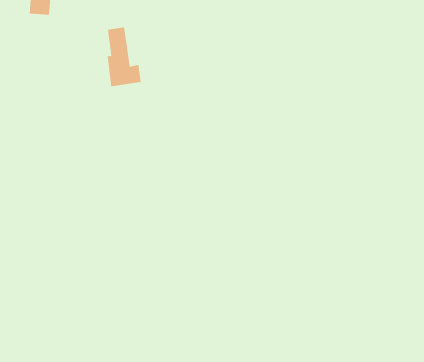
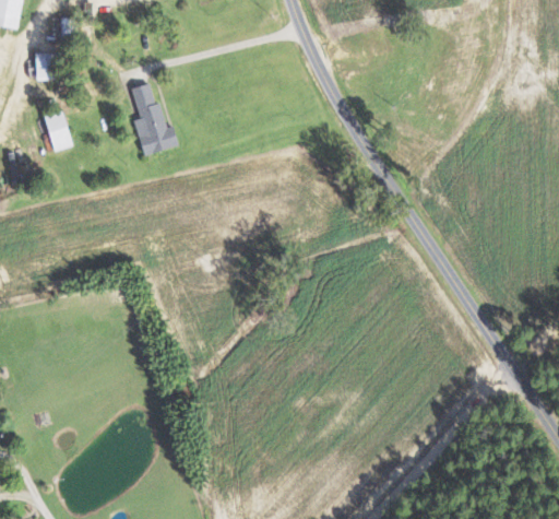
building: none -> [44,107,72,151]

